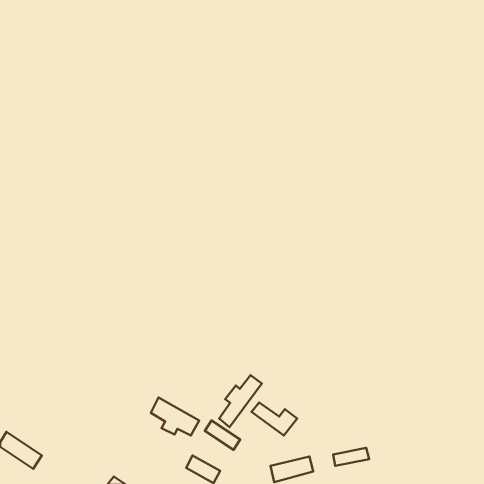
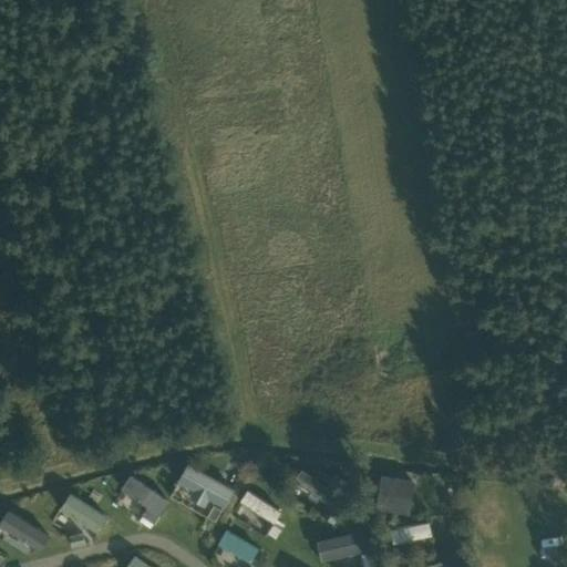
building: [219,375,262,427] -> none
building: none -> [122,478,169,526]
building: none -> [375,480,415,515]
building: none -> [58,494,107,536]

